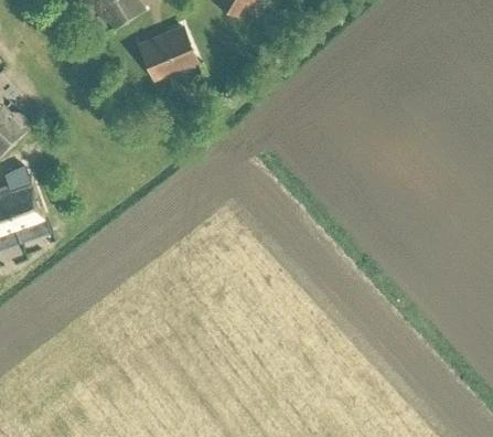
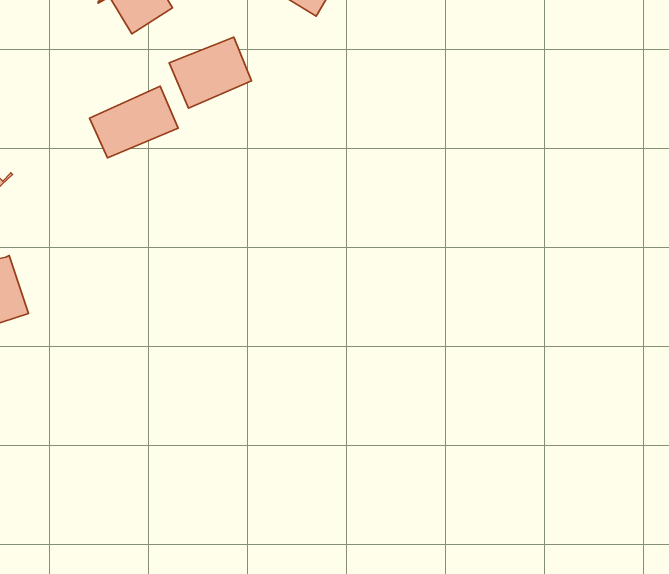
building: none -> [89,86,178,158]

